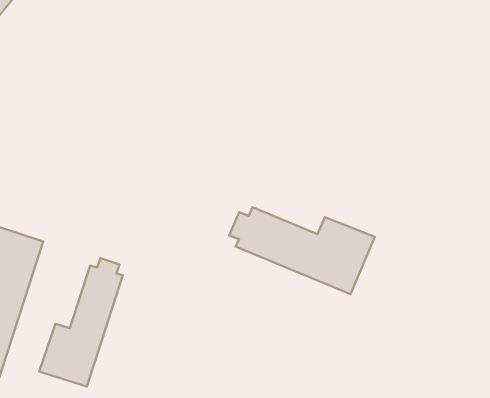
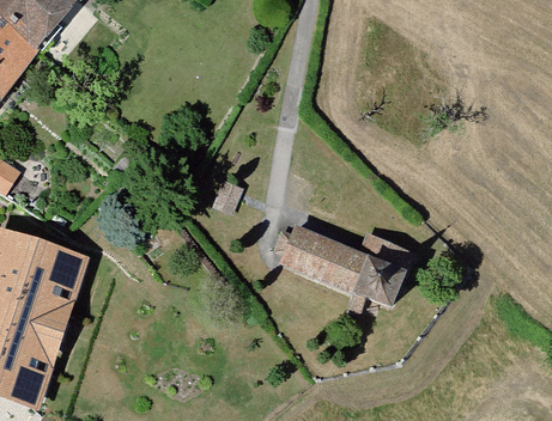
building: [39,258,123,386] -> none

